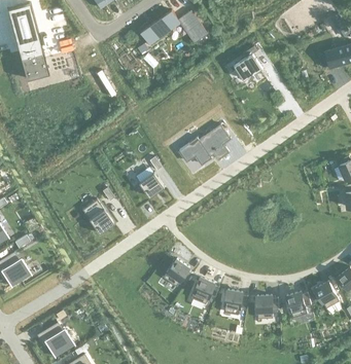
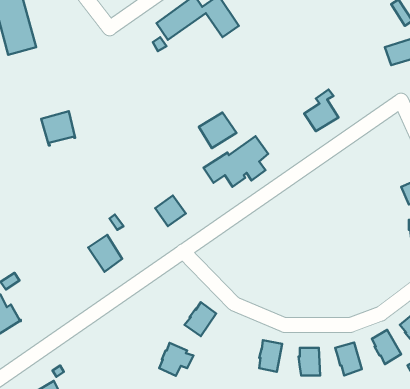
building: [234,45,261,79] -> [304,89,339,131]
building: [20,51,47,79] -> [41,111,75,145]
building: none -> [199,113,236,148]
building: [191,277,219,303] -> [159,343,193,376]

